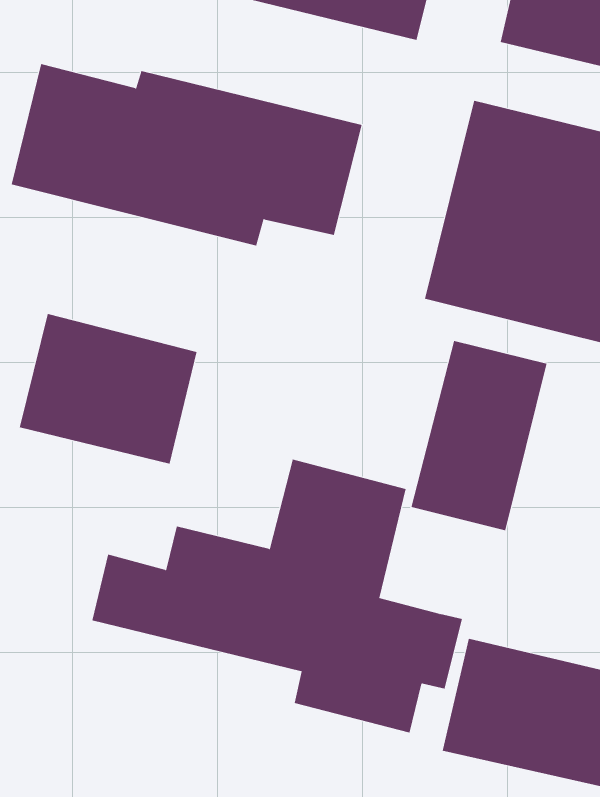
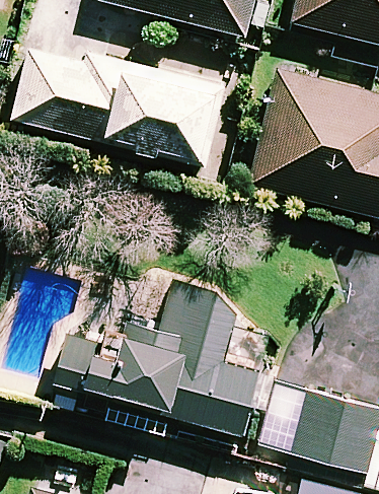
building: [19,313,197,465] -> none
building: [411,340,547,531] -> none

